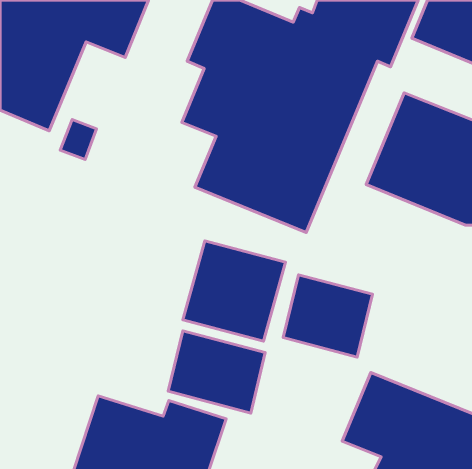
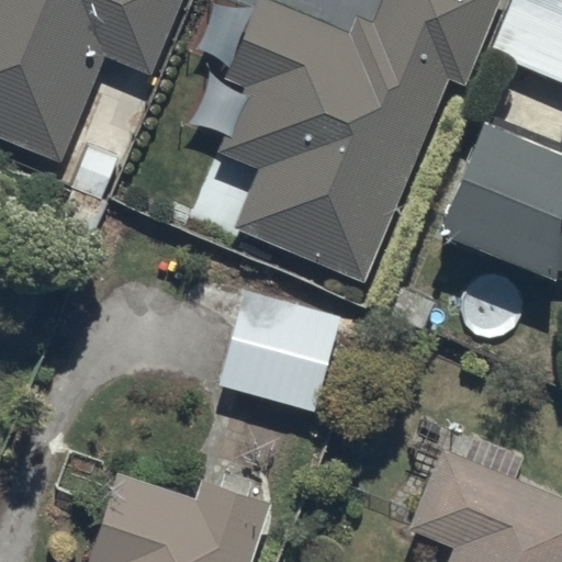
building: [283,275,373,357] -> none
building: [168,331,265,413] -> none

